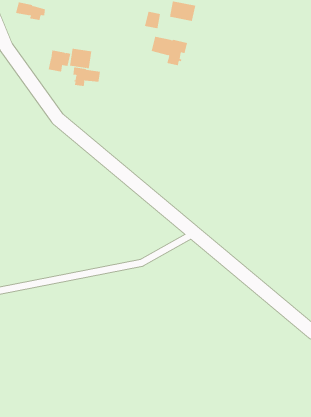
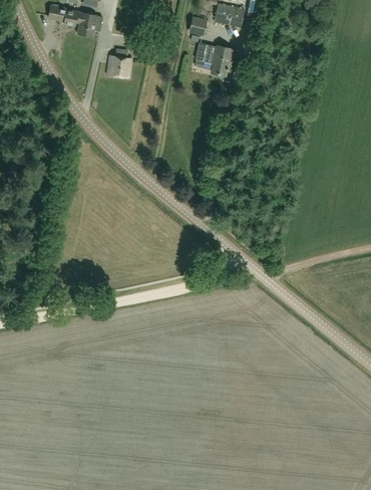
building: [48,50,71,72] -> [77,12,102,36]
building: [73,67,100,87] -> none

